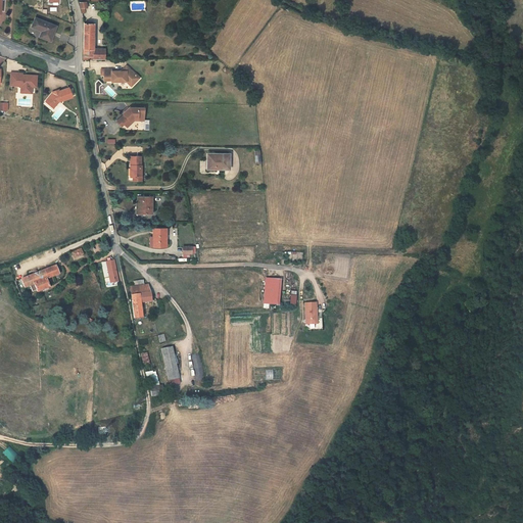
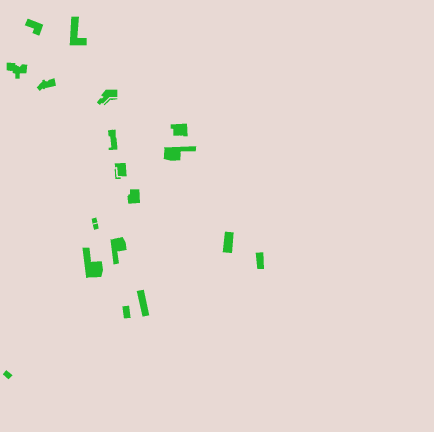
building: [97,67,136,85] -> none
building: none -> [163,145,197,161]
building: [21,265,59,290] -> none
building: none -> [82,247,104,279]

